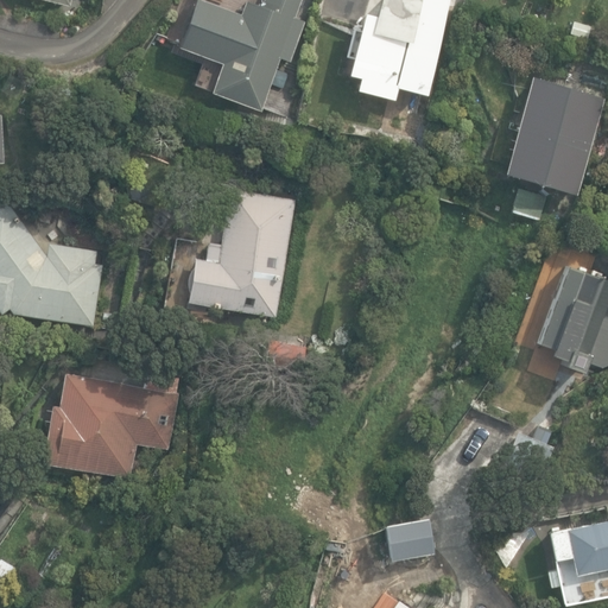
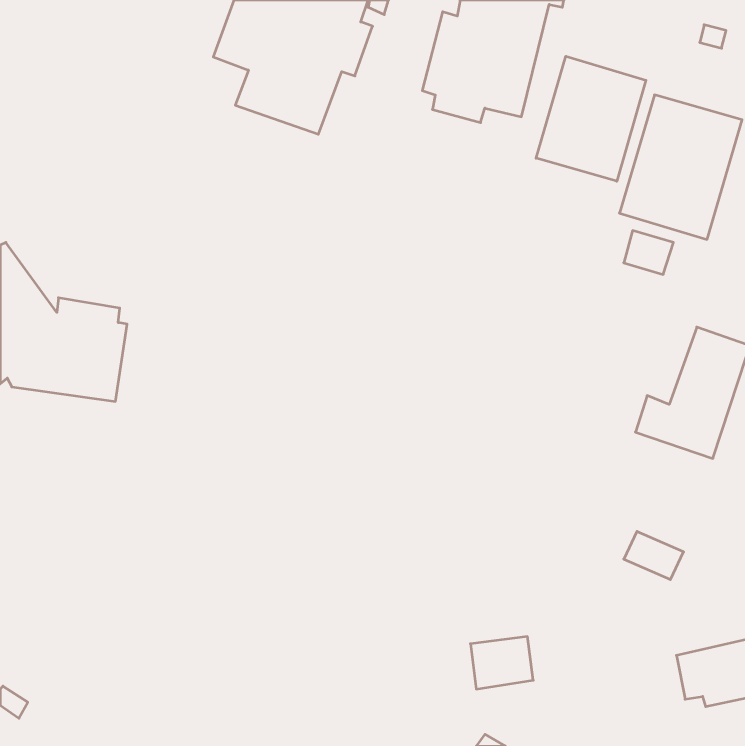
building: none -> [536,56,646,181]
building: [189,189,296,315] -> none
building: [42,372,182,479] -> none

